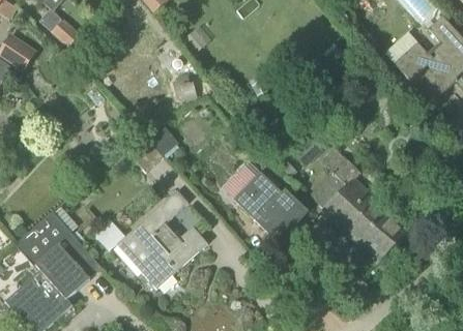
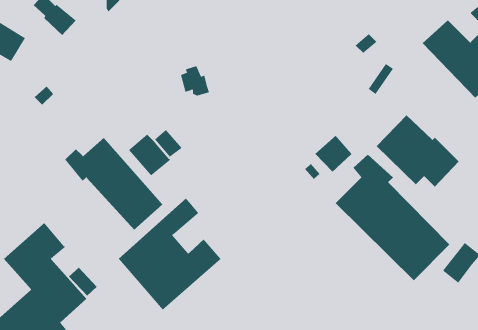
building: none -> [65,137,163,231]
building: [232,170,306,234] -> [376,114,459,188]

